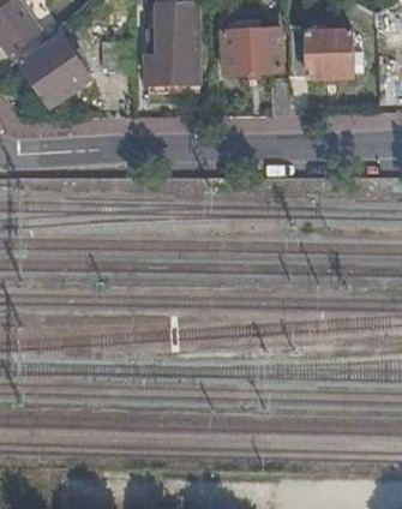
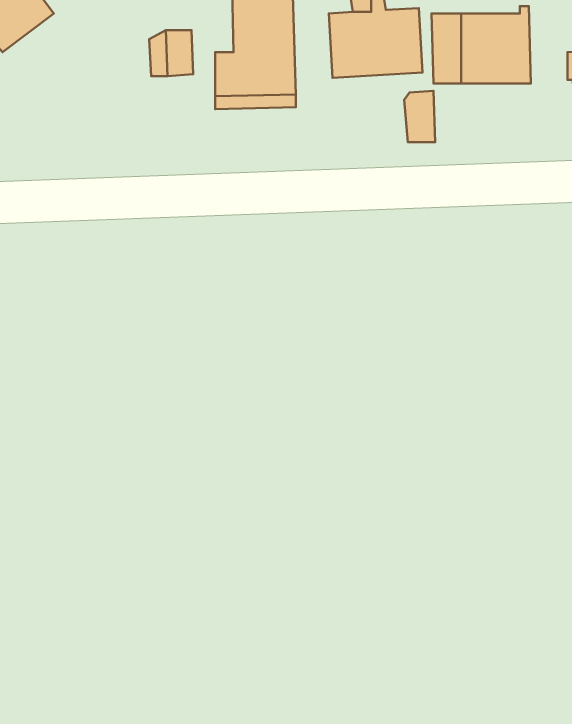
building: [20,35,91,104] -> none

